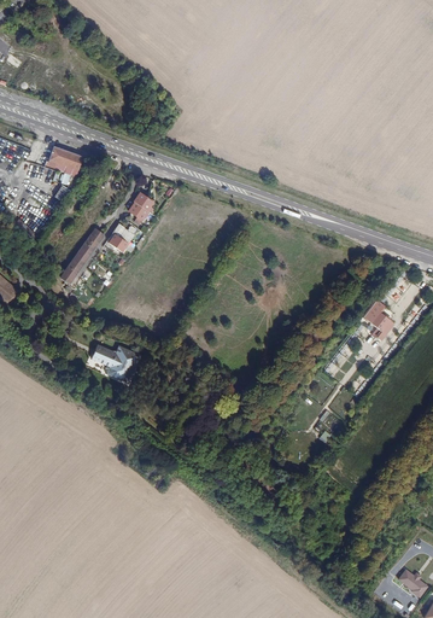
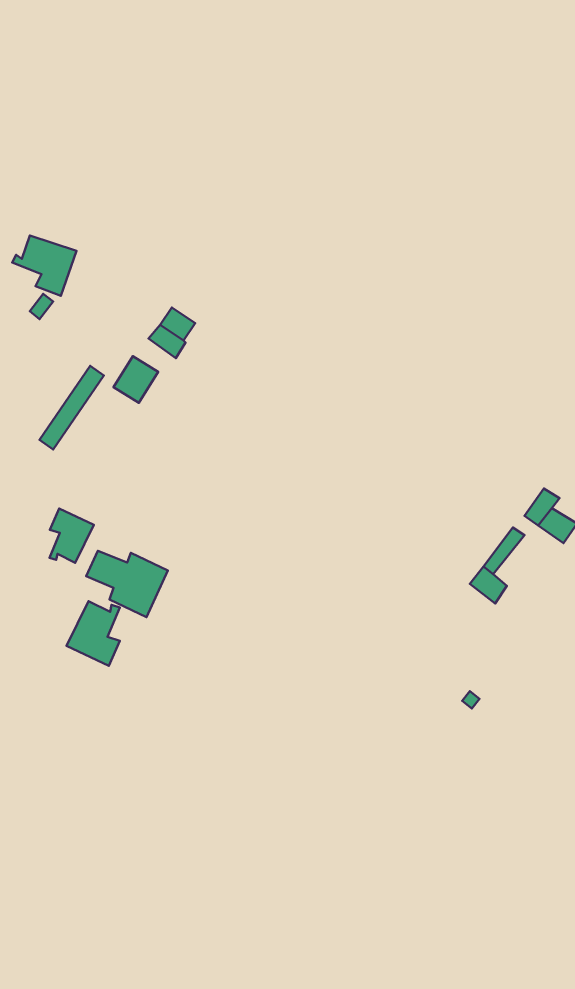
building: none -> [49,508,94,563]
building: none -> [67,601,120,666]

